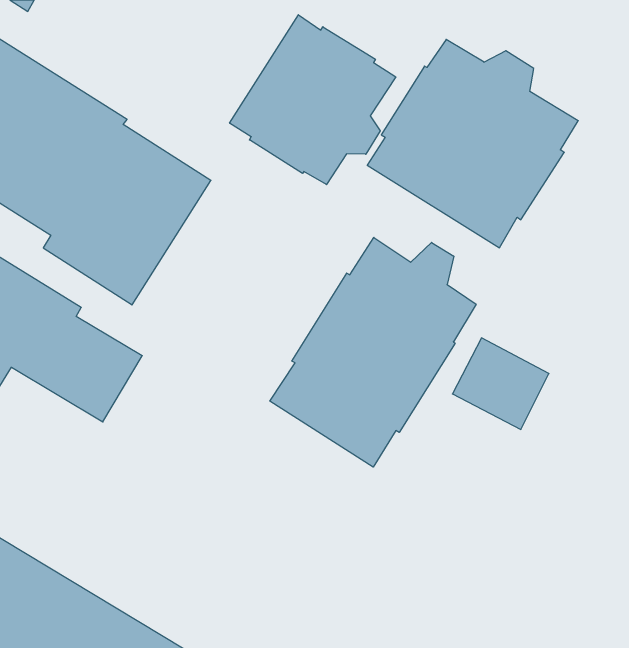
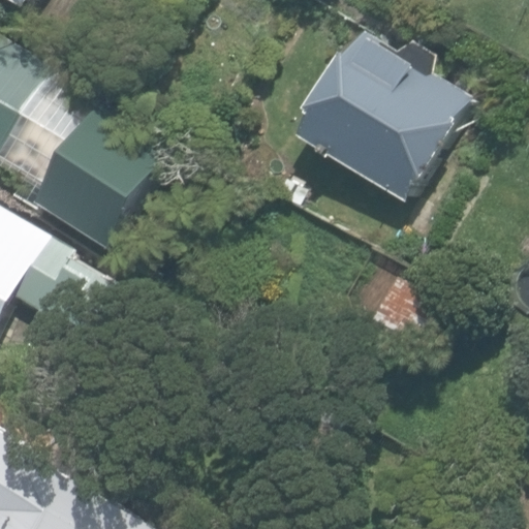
building: [230,15,396,185] -> none
building: [270,237,476,467] -> none

